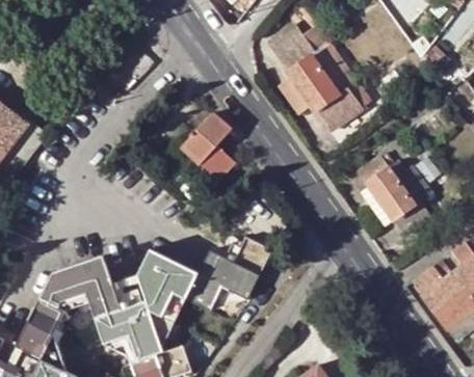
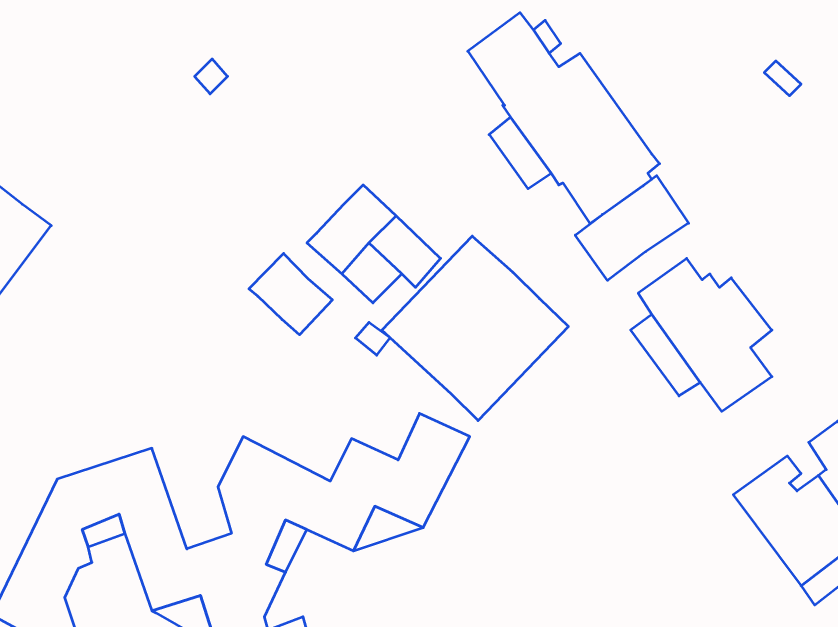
building: none -> [575,176,689,280]
building: none -> [382,236,568,421]
building: none -> [249,253,332,335]

